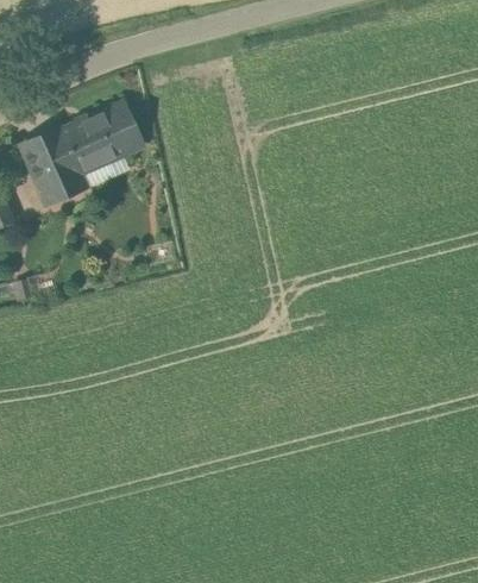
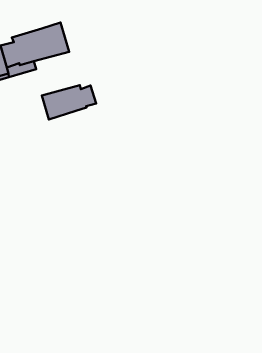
building: none -> [42,85,96,120]

